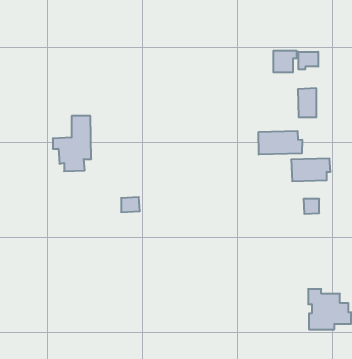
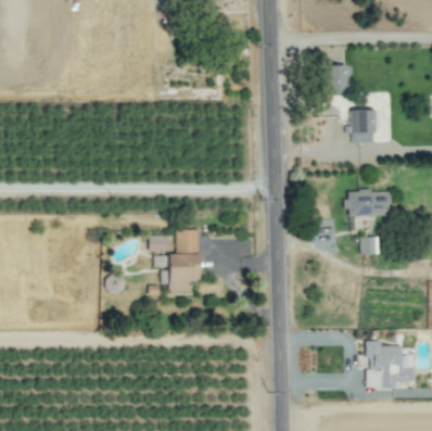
building: [298,52,318,69] -> none
building: [53,116,91,171] -> [155,229,200,293]
building: [259,131,302,155] -> none

